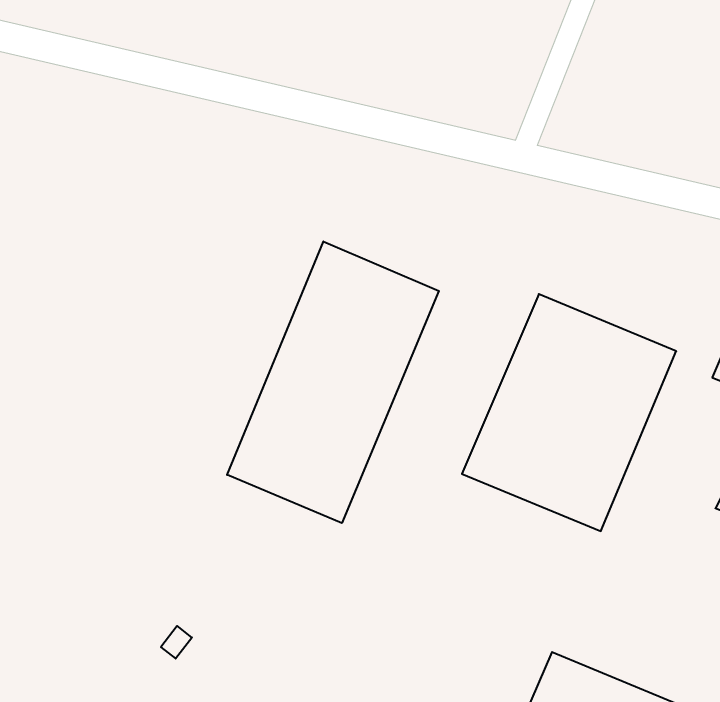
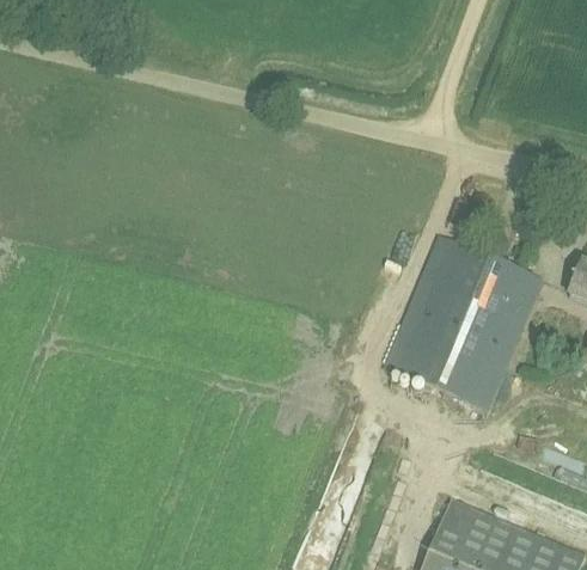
building: [227,241,439,523] -> none

